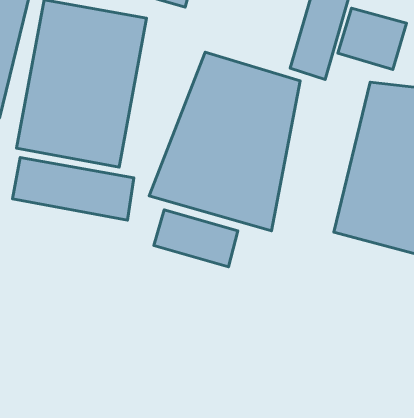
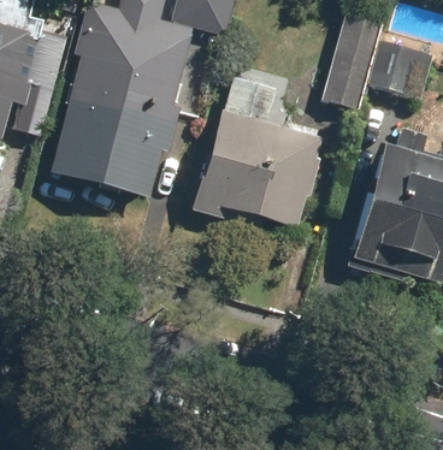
building: [13,157,134,220] -> none
building: [154,210,238,267] -> none

